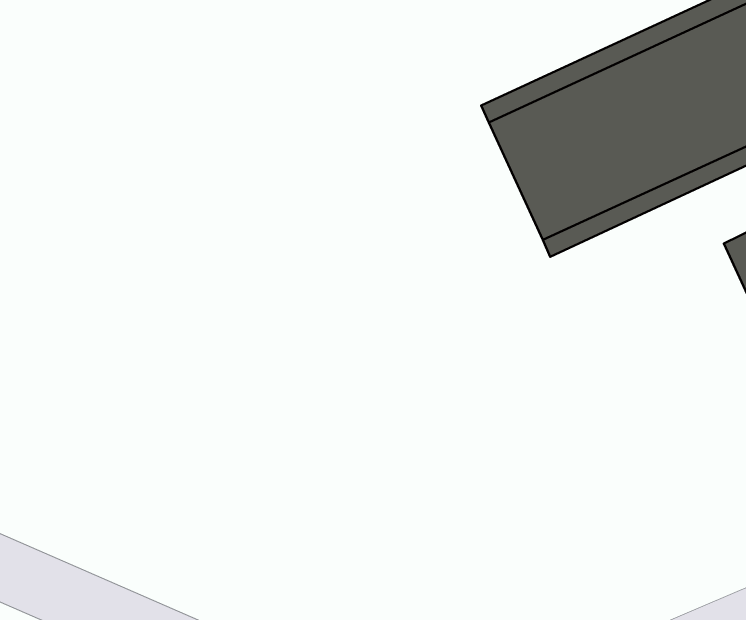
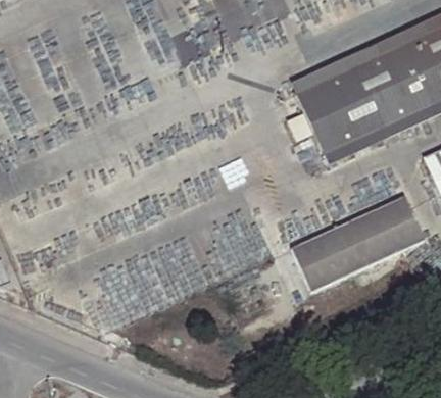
building: none -> [292,197,426,291]

